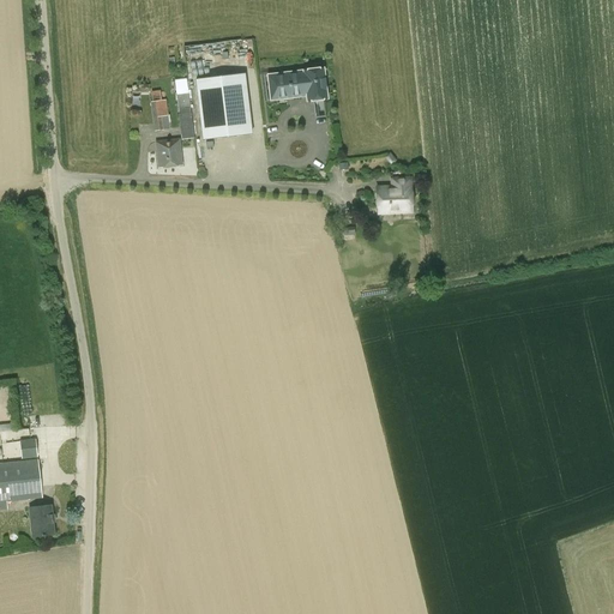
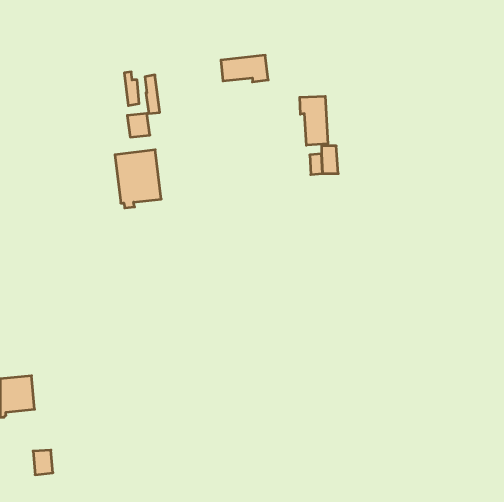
building: [195,73,252,144] -> [115,150,161,208]
building: none -> [300,96,328,145]
building: [30,505,54,535] -> [33,450,53,475]

